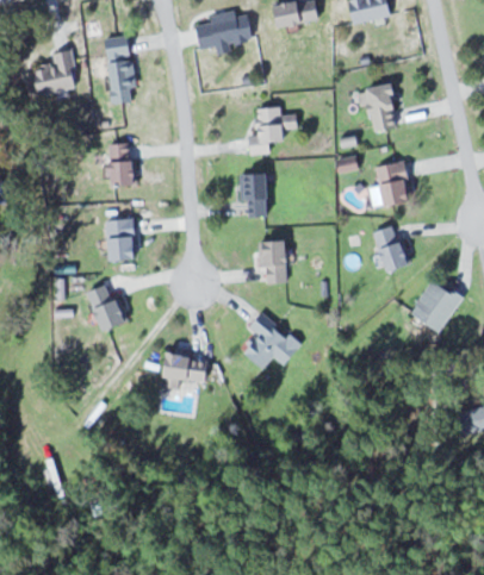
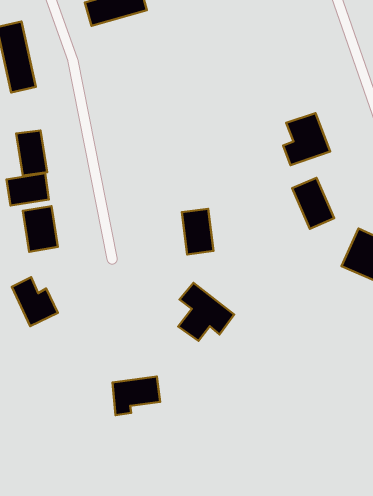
building: [364,85,397,132] -> none
building: [246,107,296,155] -> none
building: [246,174,267,217] -> none
building: none -> [7,173,49,206]
building: [161,356,206,388] -> [112,377,160,415]

